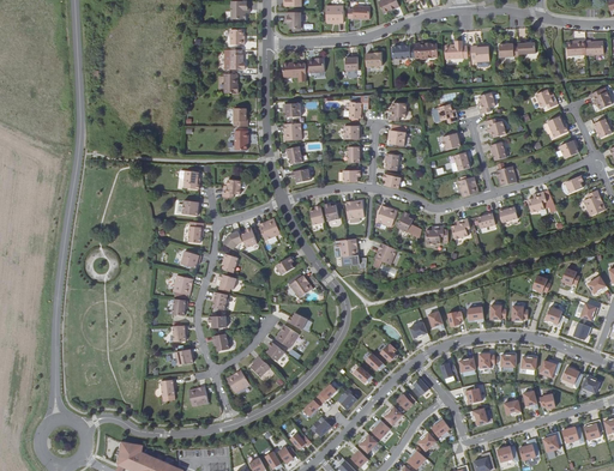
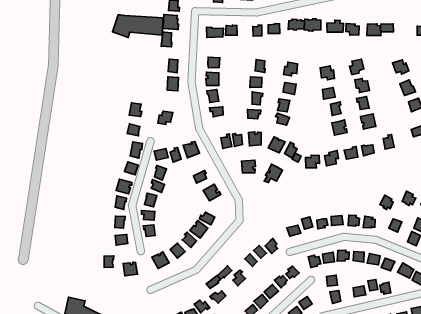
building: none -> [113,15,163,38]

